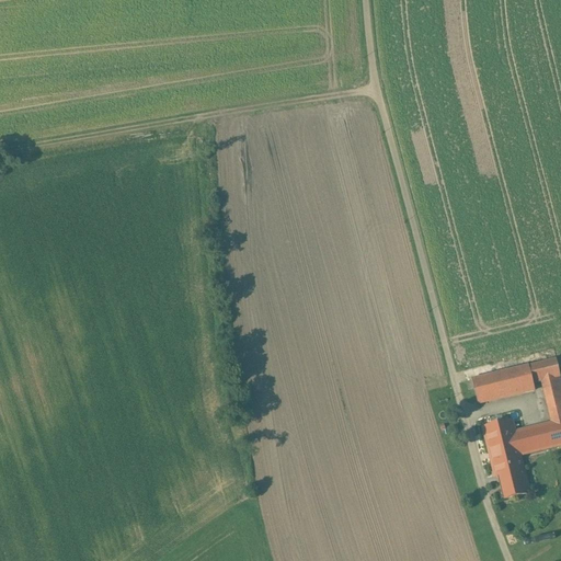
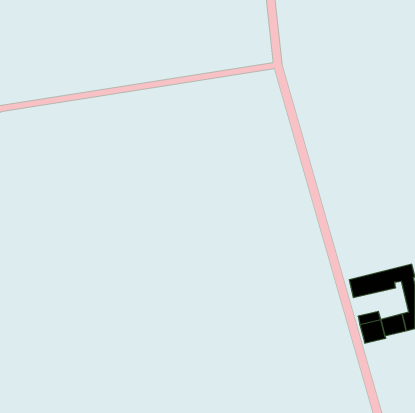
building: [492,456,529,496] -> none

